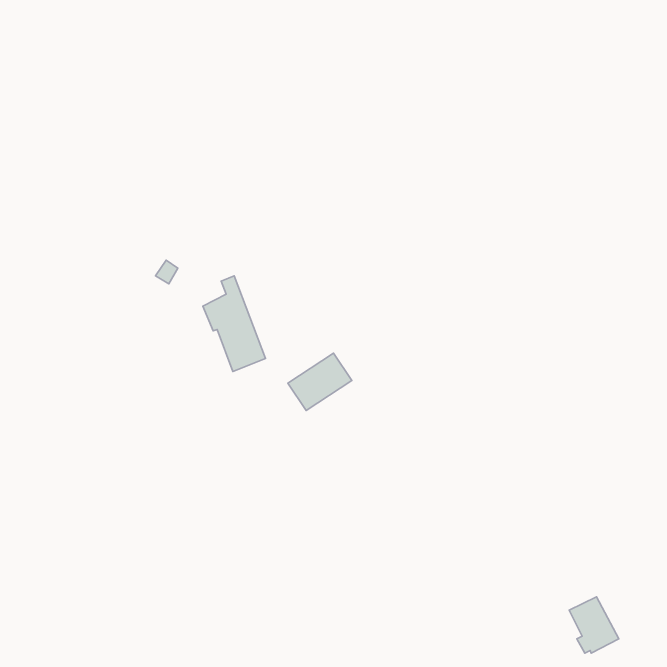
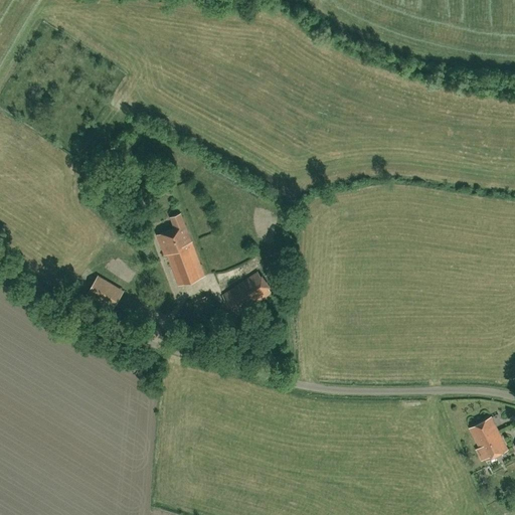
building: none -> [82,275,120,308]
building: [569,597,619,653] -> [469,418,507,462]

